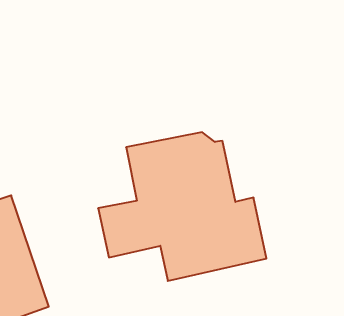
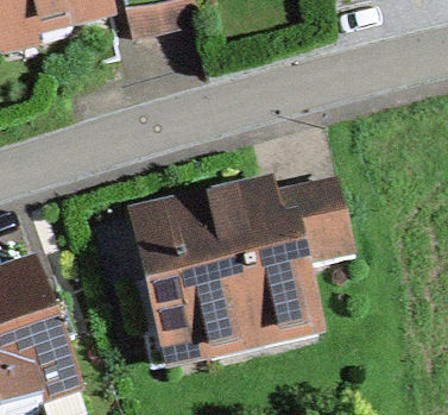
building: none -> [267,180,353,266]

